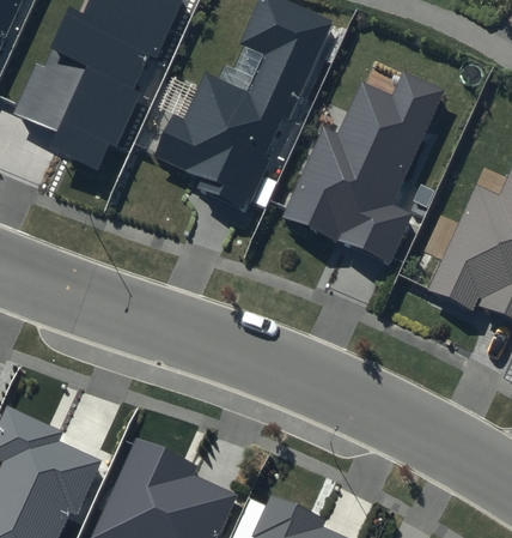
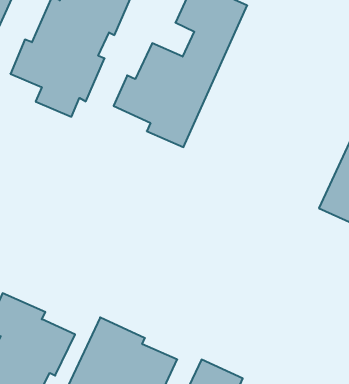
building: [284,72,446,267] -> none

